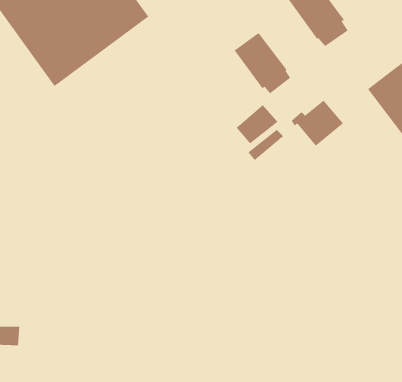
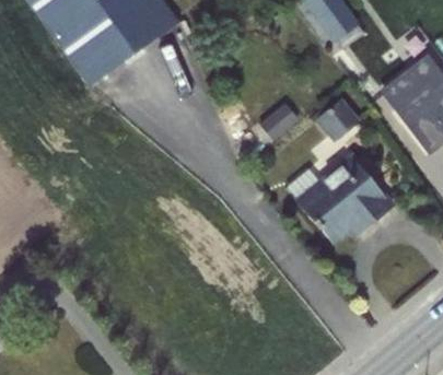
building: [234,32,291,94] -> none
building: none -> [287,154,393,243]

